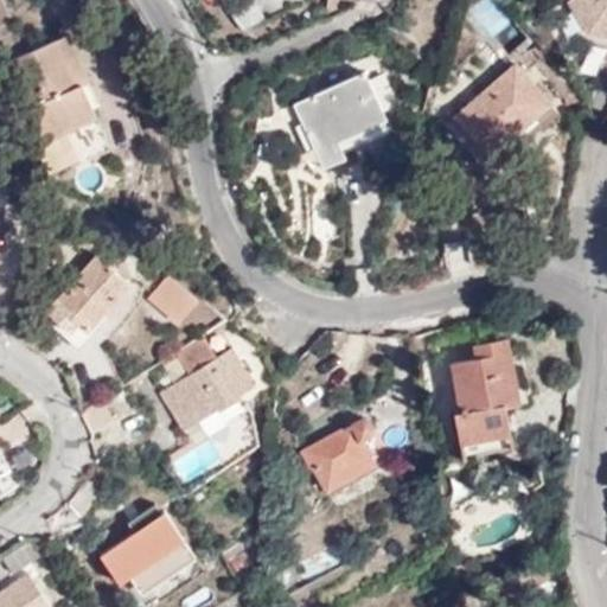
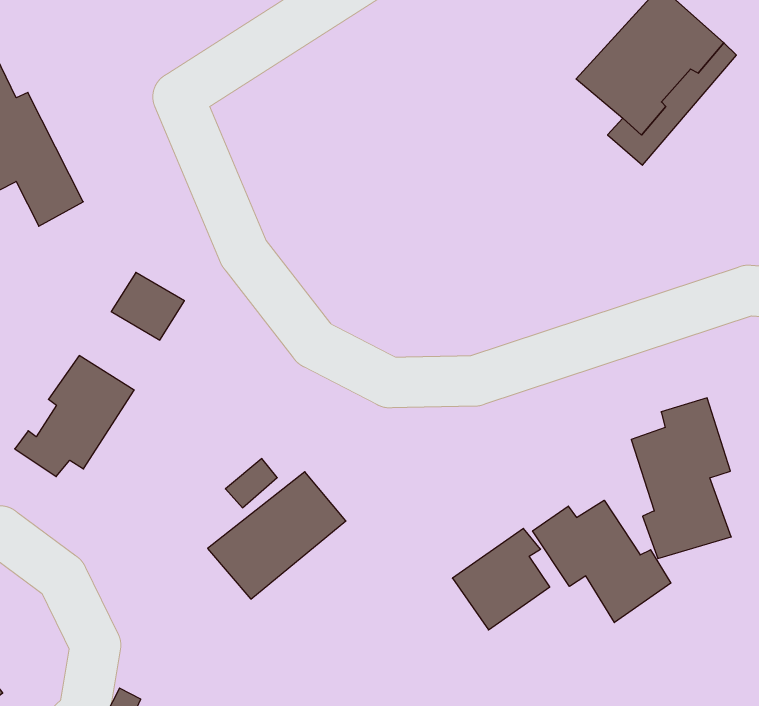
building: [292,74,386,171] -> none
building: [148,276,198,324] -> [111,272,184,340]
building: none -> [533,500,671,623]

